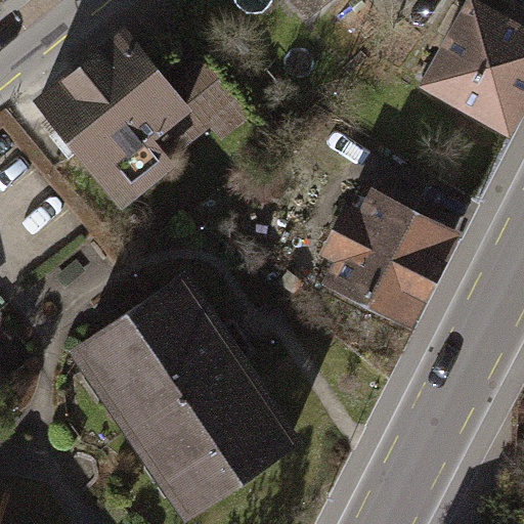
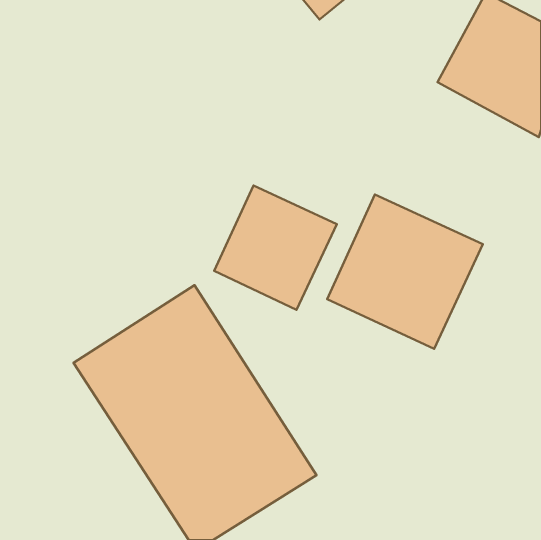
building: [34,29,241,210] -> none
building: none -> [214,186,337,310]

